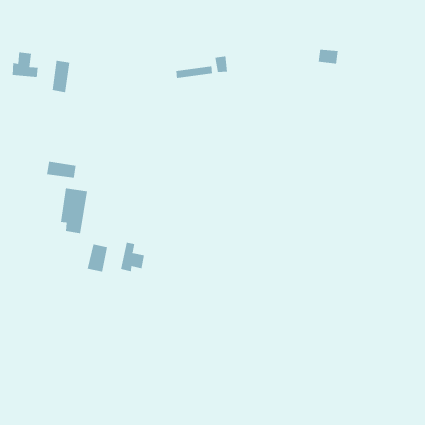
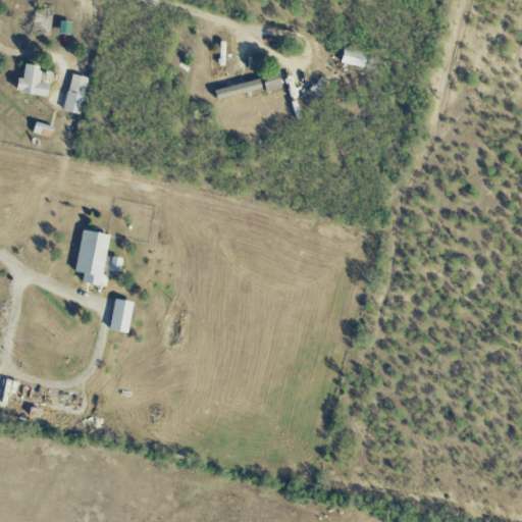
building: [318,49,339,64] -> [342,47,367,65]
building: [47,161,76,179] -> none
building: [121,242,145,272] -> none

